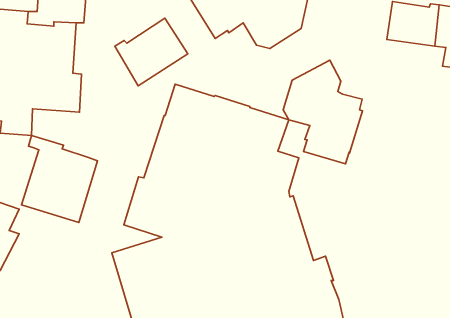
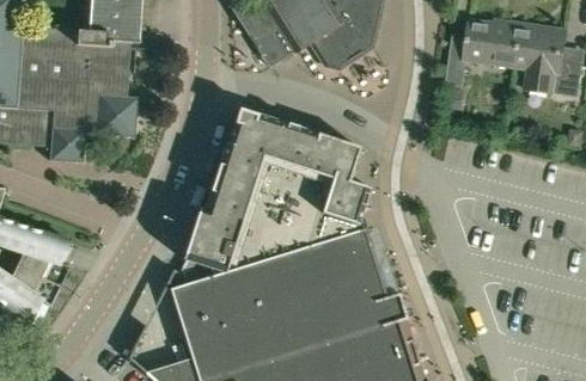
building: [115,18,188,86] -> none
building: [283,60,363,164] -> none
building: [21,136,98,223] -> none

